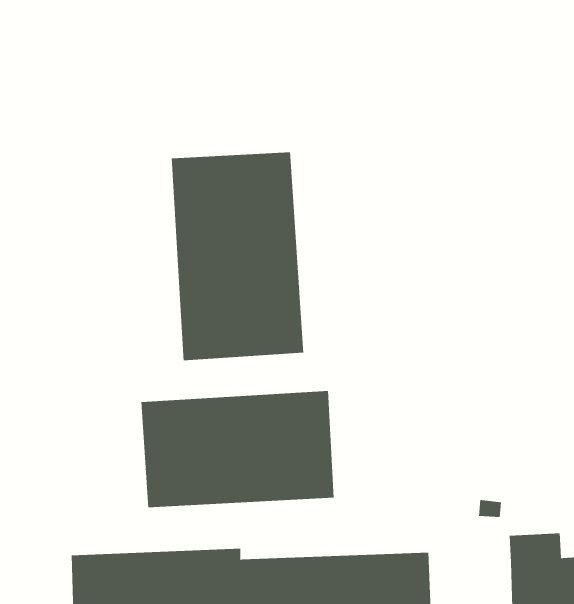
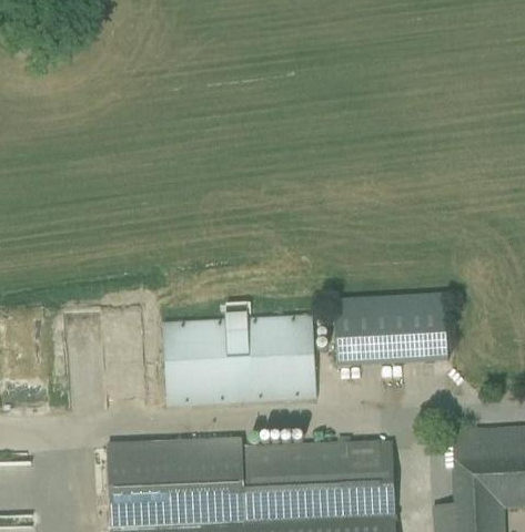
building: [171,152,304,361] -> none
building: none -> [334,291,447,367]

